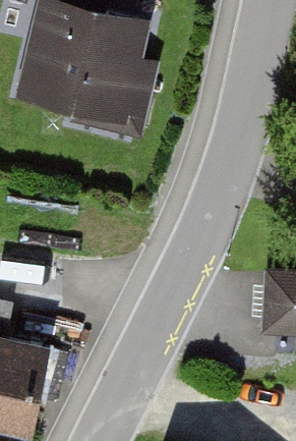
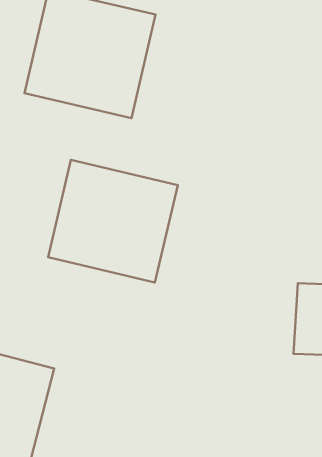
building: none -> [48,160,178,282]

